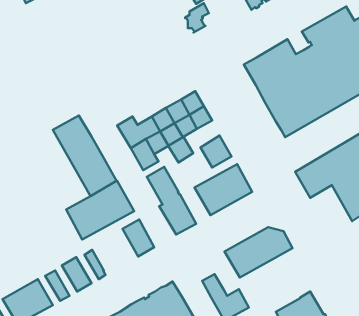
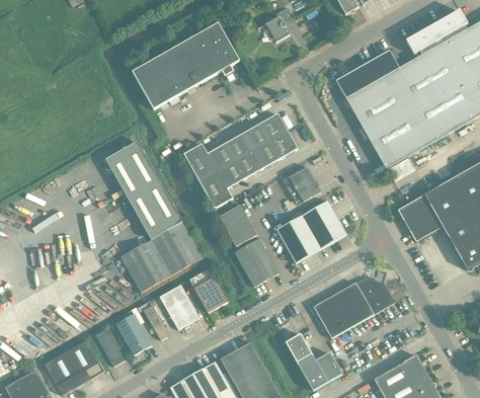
building: none -> [133,22,240,108]
building: [168,137,193,163] -> none
building: none -> [159,283,199,329]

